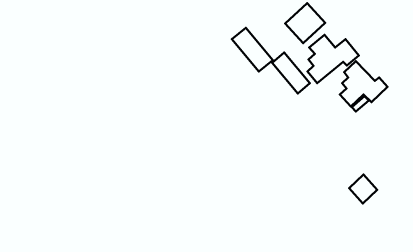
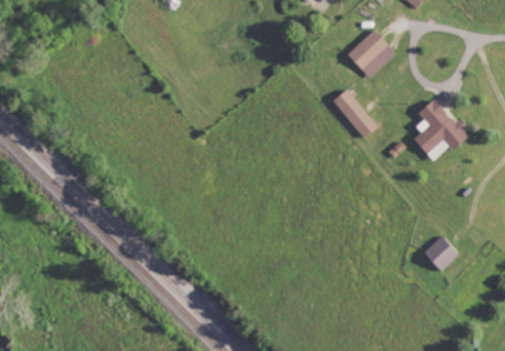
building: [232,28,273,71] -> none
building: [307,35,359,83] -> none

